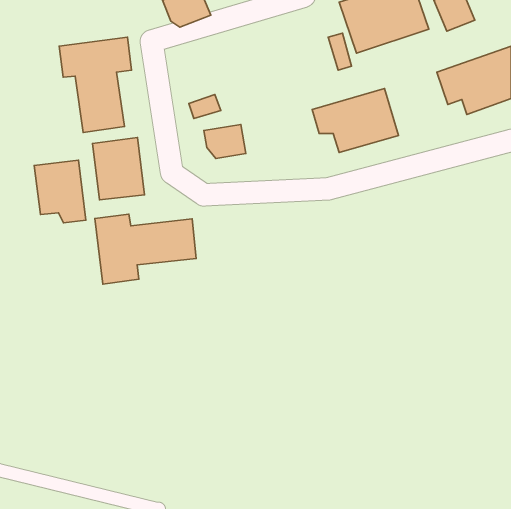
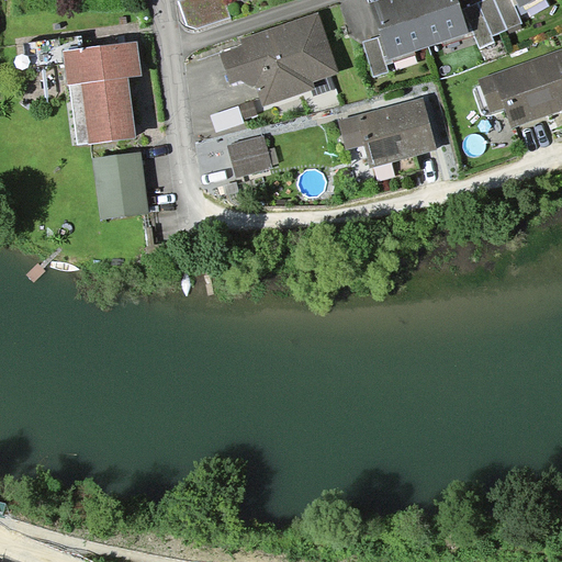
building: none -> [224,15,333,104]
building: [34,160,86,223] -> none
building: [95,214,196,284] -> none

